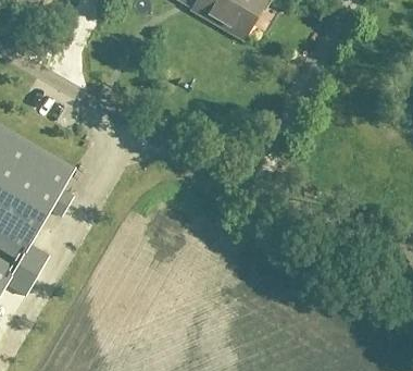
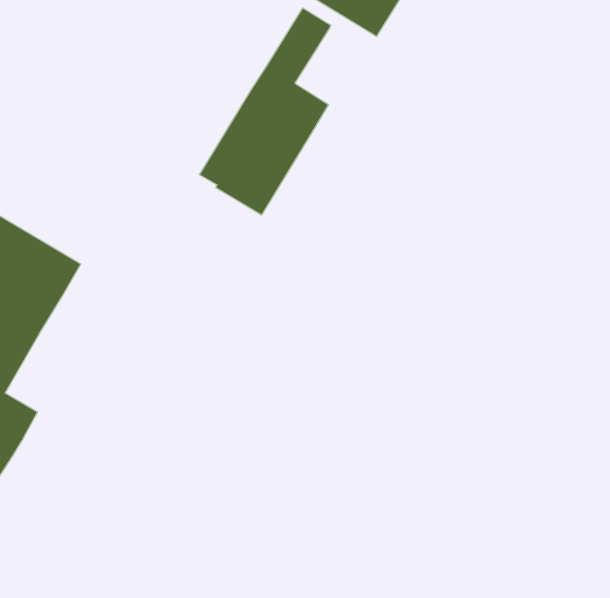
building: none -> [199,8,331,215]

